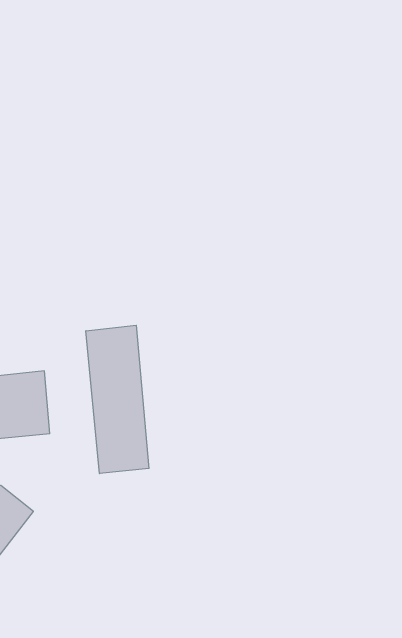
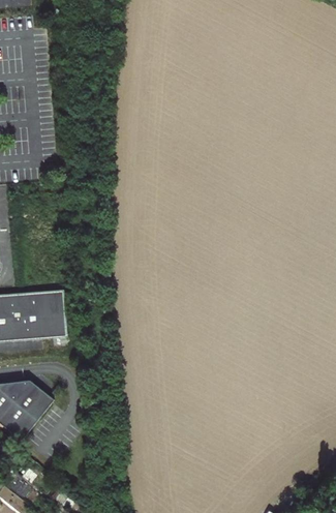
building: [86,325,149,474] -> none

